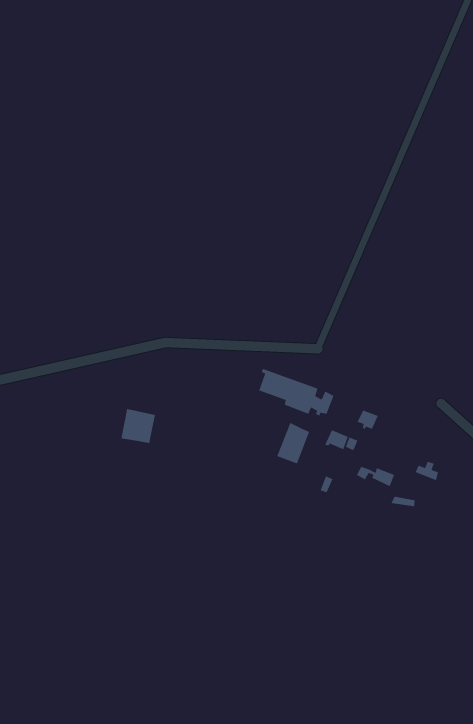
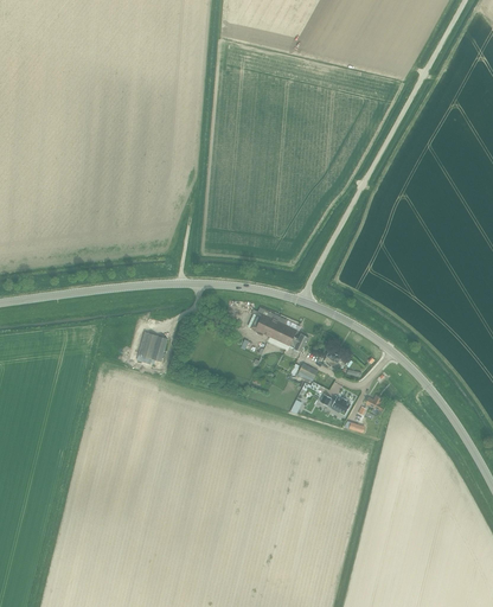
building: [276,422,310,465] -> none

